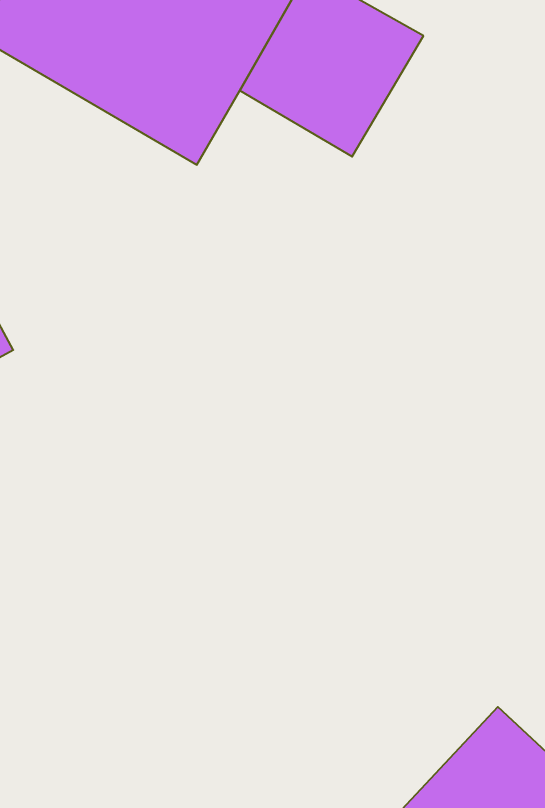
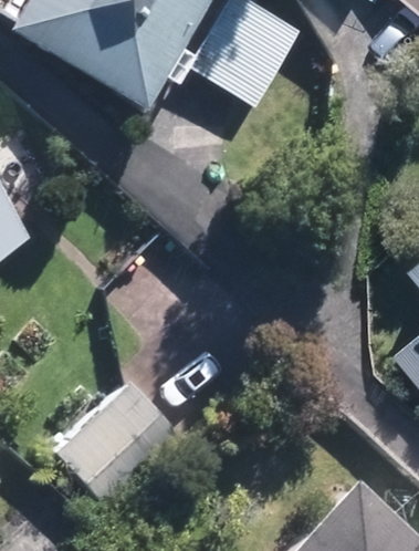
building: none -> [51,381,181,511]

